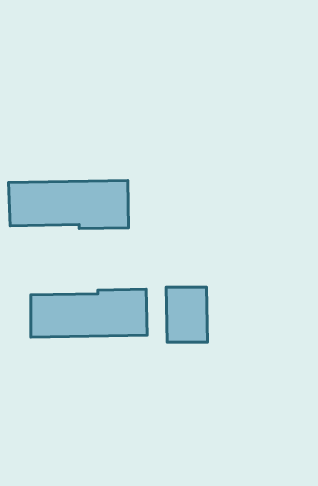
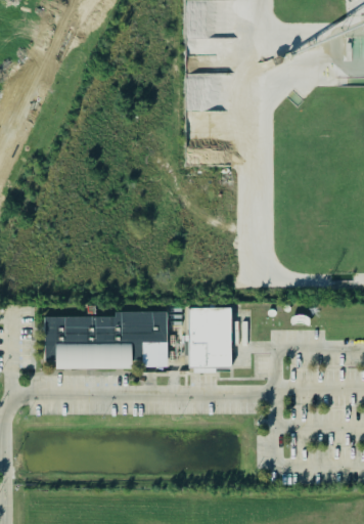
building: [9,181,128,229] -> none

